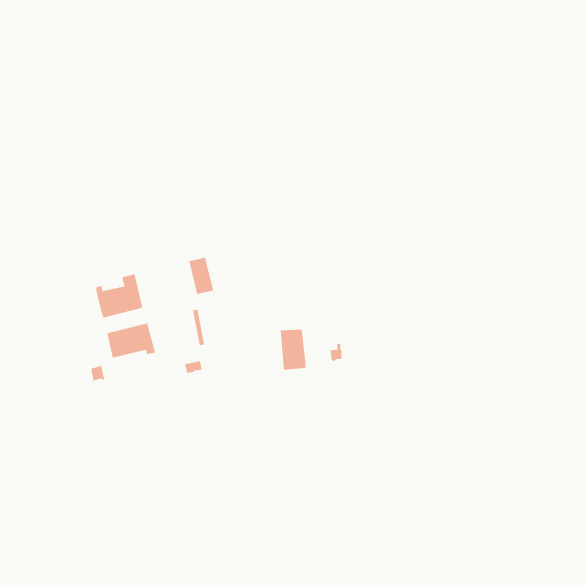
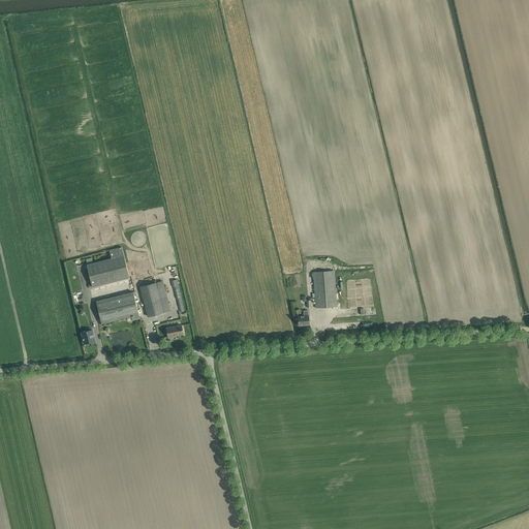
building: [189,255,222,294] -> [141,281,170,316]
building: [280,329,306,370] -> [313,271,337,308]

